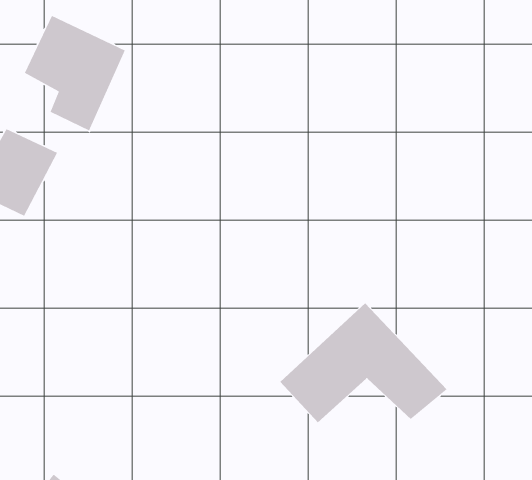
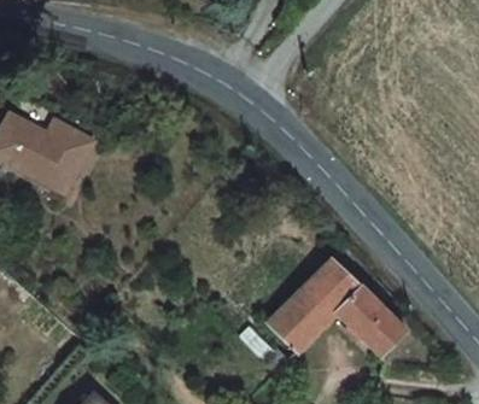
building: [24,15,126,132] -> none

